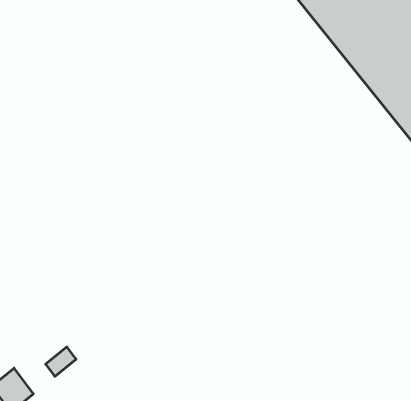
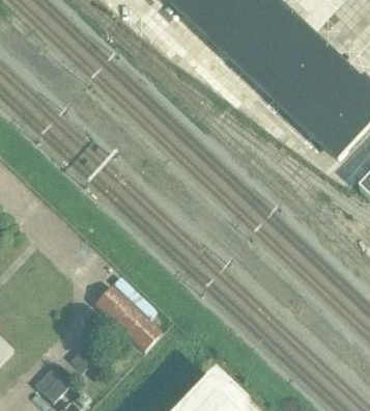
building: none -> [93,283,161,349]

